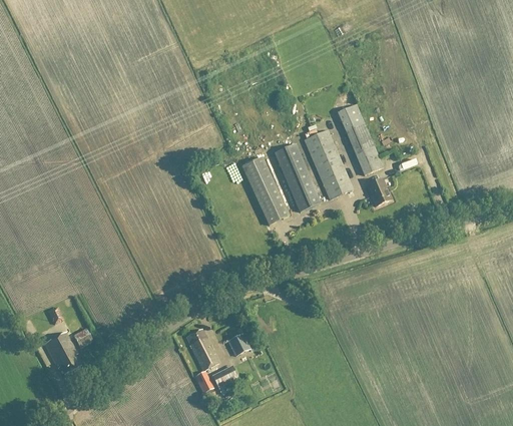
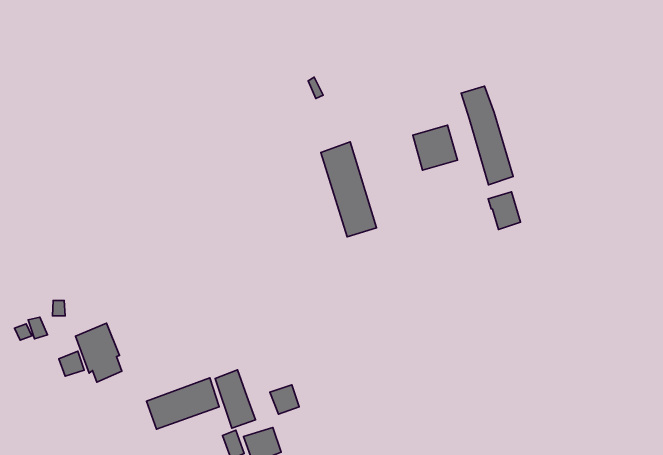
building: [275,142,321,210] -> none
building: [320,167,353,198] -> none
building: [44,331,80,374] -> [75,323,122,382]
building: none -> [146,378,219,429]

